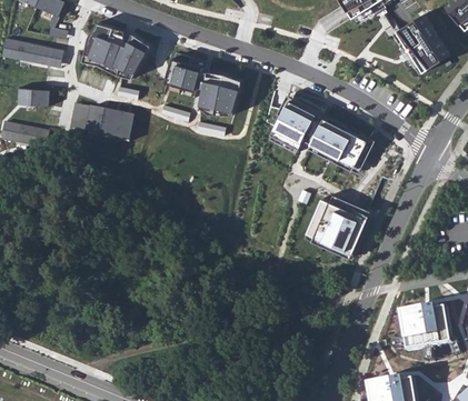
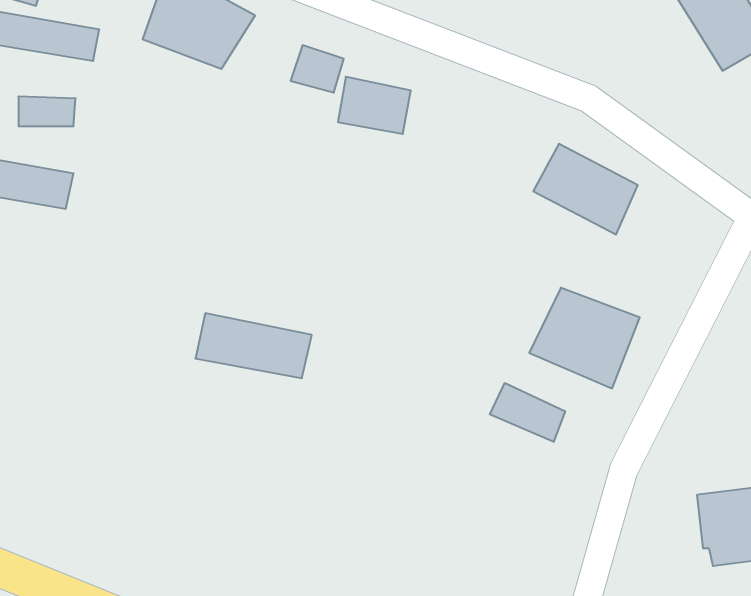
building: [270,97,317,144] -> none
building: [68,106,133,142] -> [195,313,312,378]
building: none -> [490,383,565,442]

